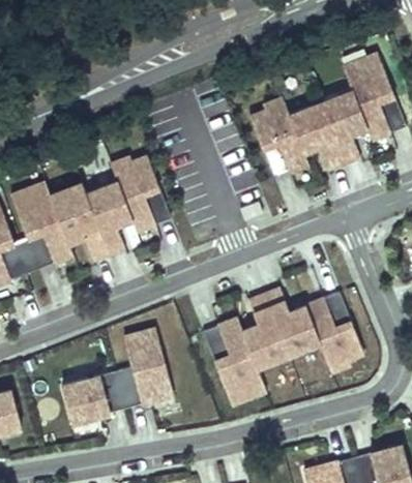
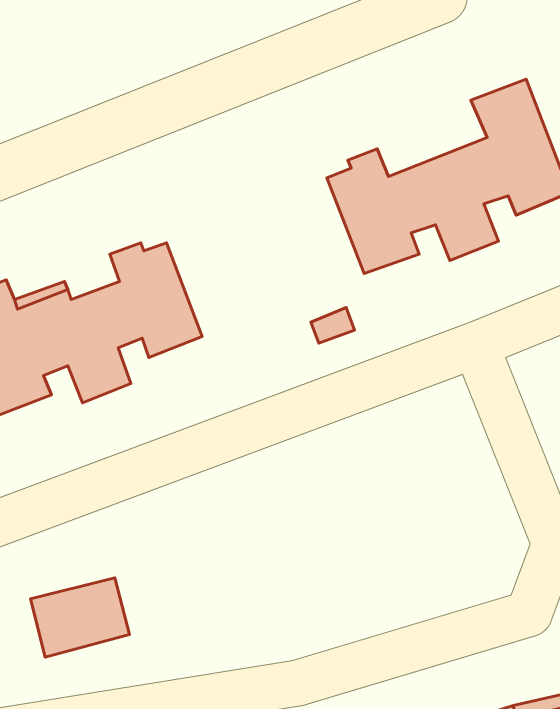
building: [202,289,362,404] -> none
building: [115,329,173,407] -> none

